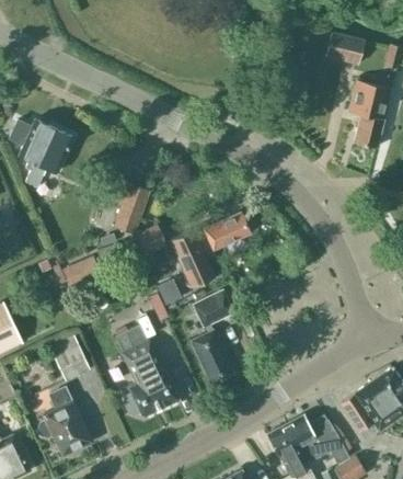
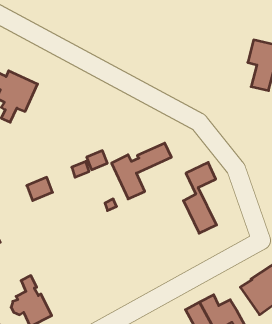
building: [324,34,364,66] -> none
building: [114,185,148,235] -> none
building: [189,292,233,385] -> [183,162,217,233]
building: [115,326,179,417] -> none
building: [48,337,90,383] -> none

